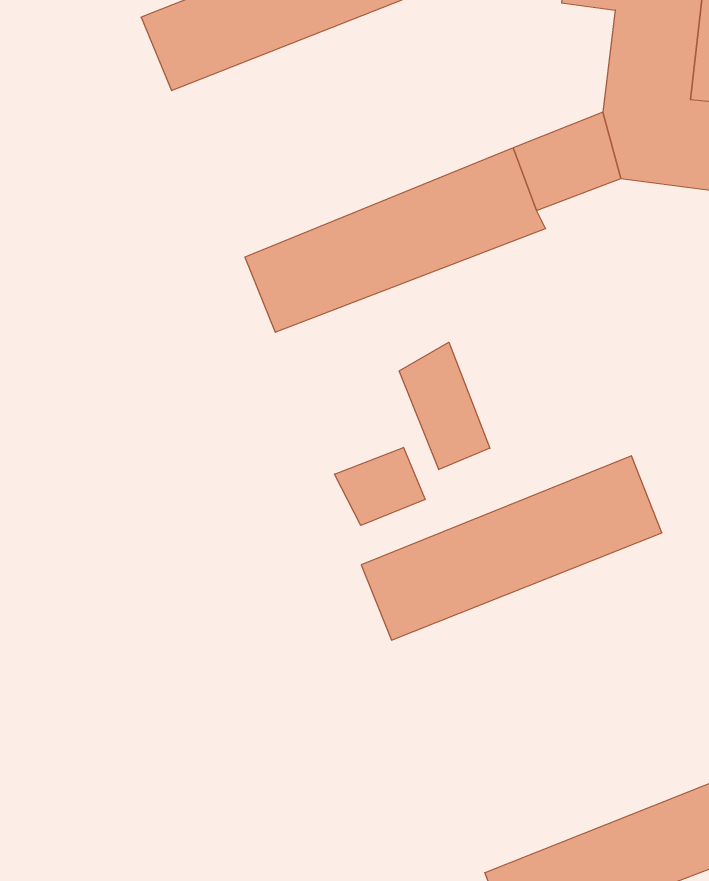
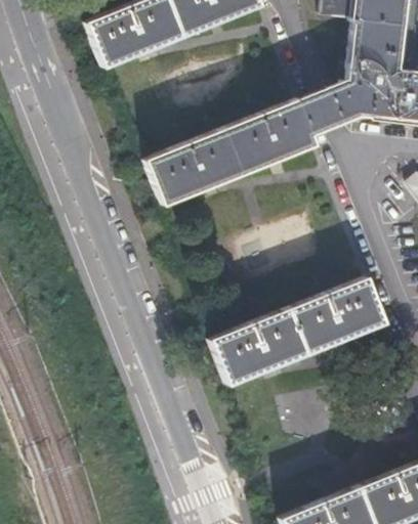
building: [399,342,490,470] -> none
building: [334,447,425,525] -> none

